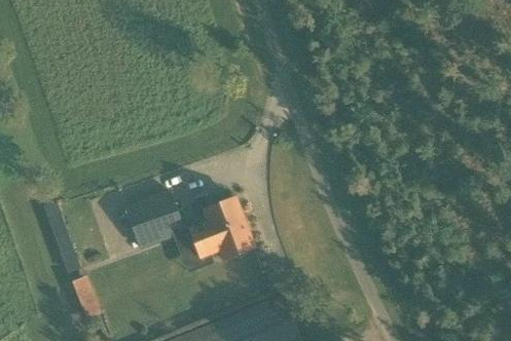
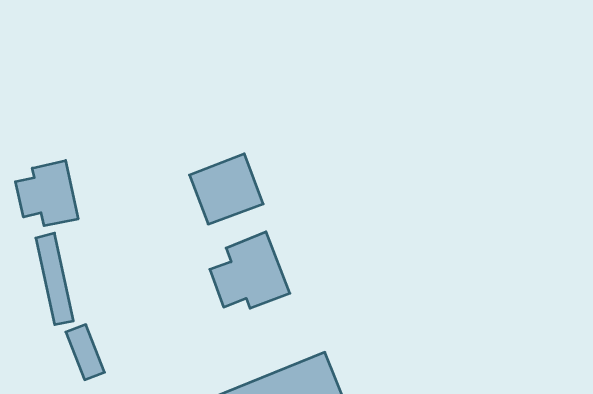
building: none -> [15,160,78,226]
building: [123,190,184,248] -> [189,154,263,224]

